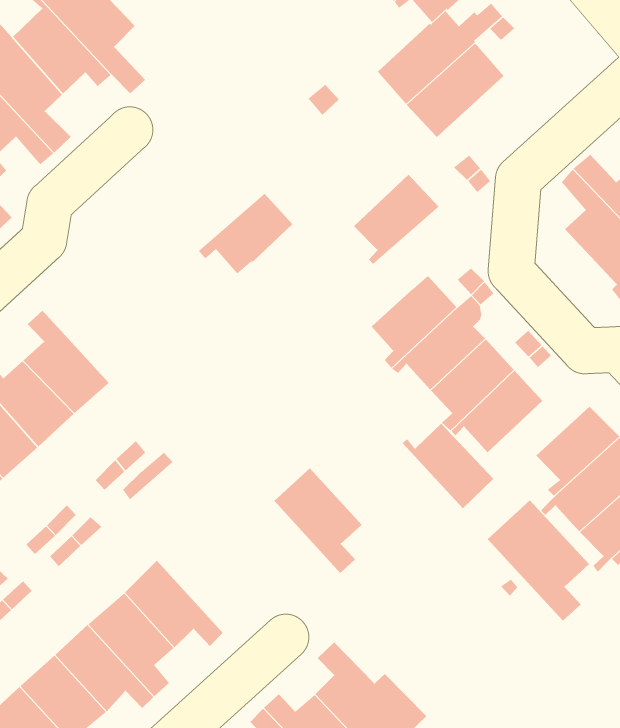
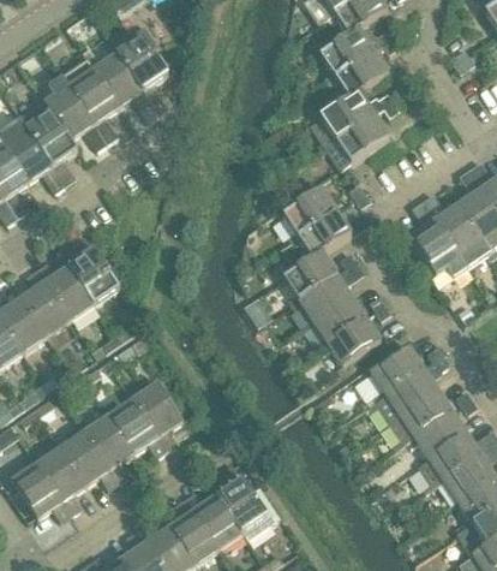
building: [198,193,293,274] -> [291,209,351,256]
building: [402,423,494,509] -> none
building: [273,468,362,574] -> [132,380,184,447]
building: [487,499,590,621] -> none

